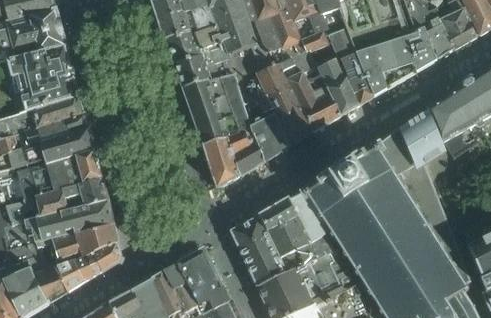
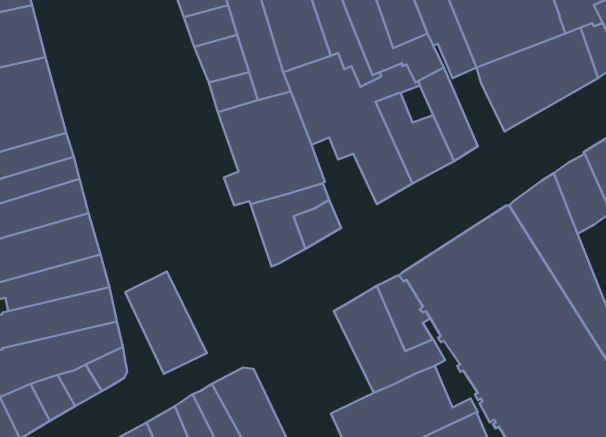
building: [339,52,374,103] -> none
building: [252,110,288,160] -> none
building: [231,216,286,285] -> [125,271,207,374]

